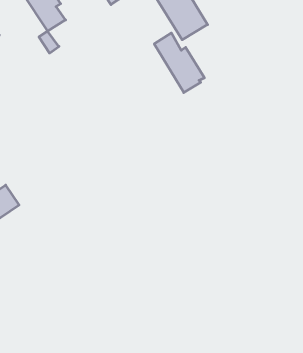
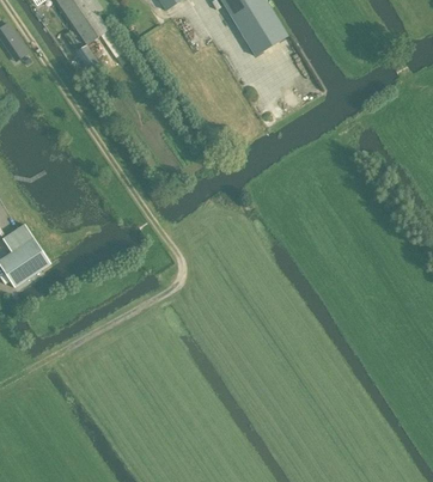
building: [154,33,204,93] -> none

